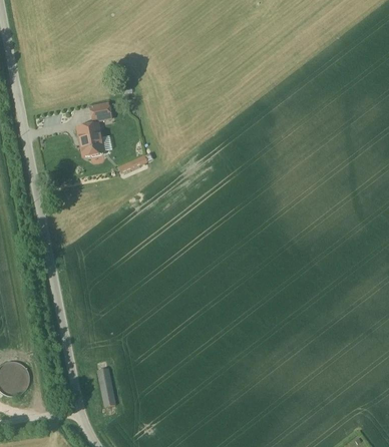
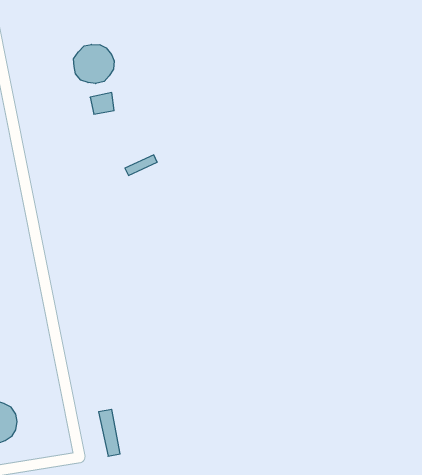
building: none -> [74,44,114,84]
building: [78,123,103,155] -> none

